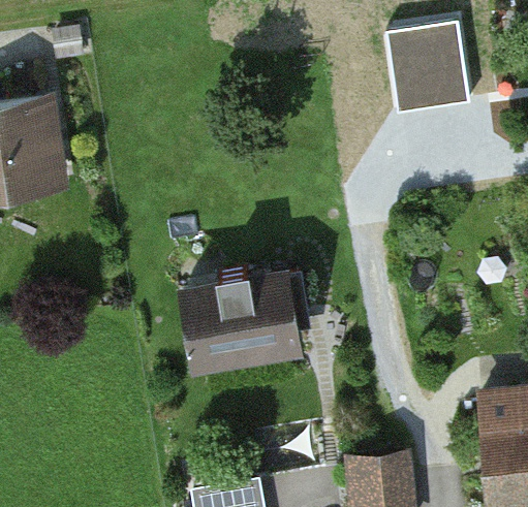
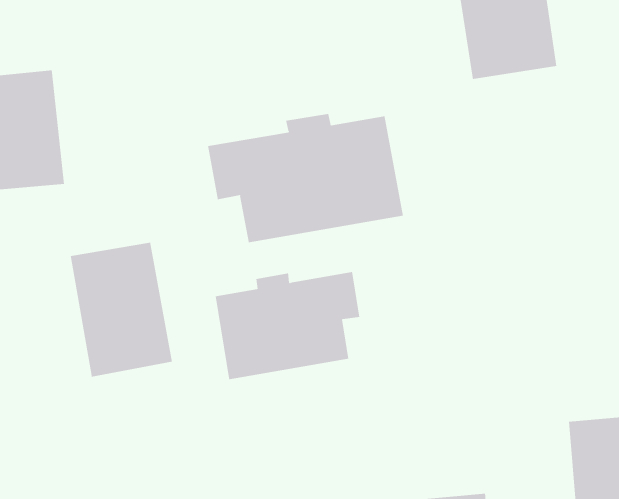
building: none -> [207,113,404,243]
building: none -> [70,242,172,377]

